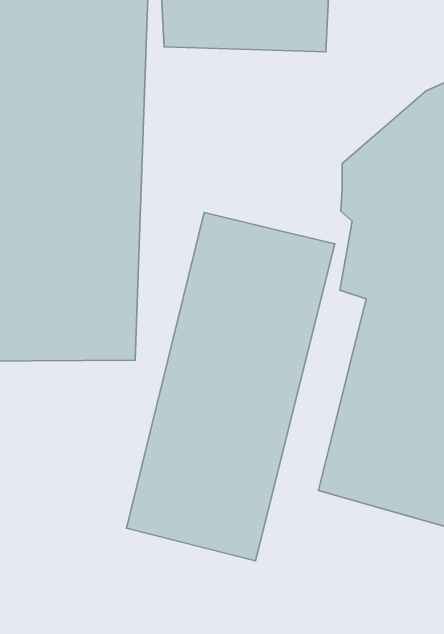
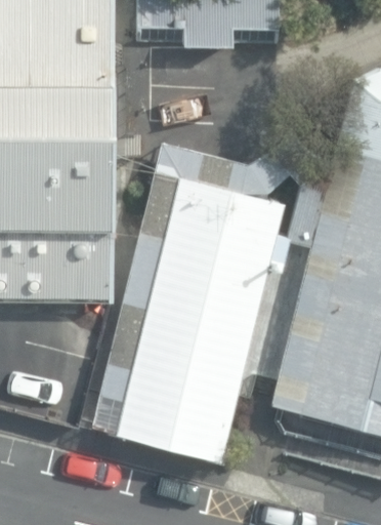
building: none -> [86,138,289,437]

